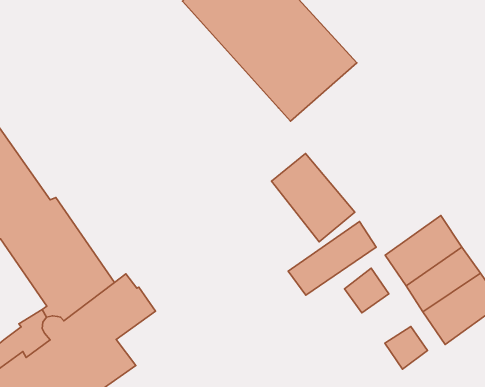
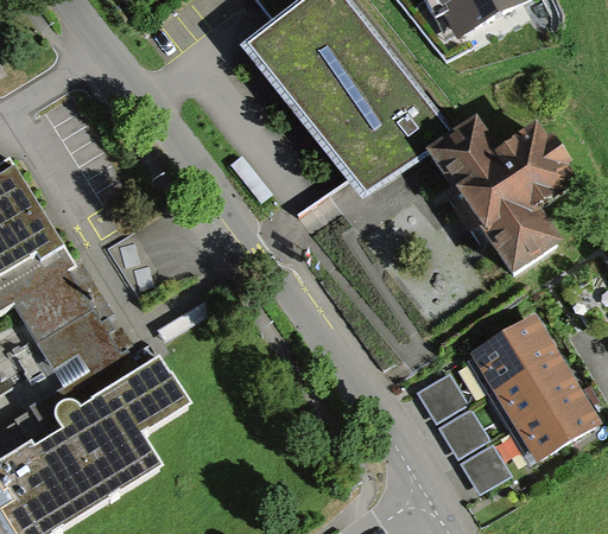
building: none -> [426,114,580,272]
building: [272,153,355,242] -> none
building: [288,221,376,295] -> none
building: none -> [437,407,488,458]

